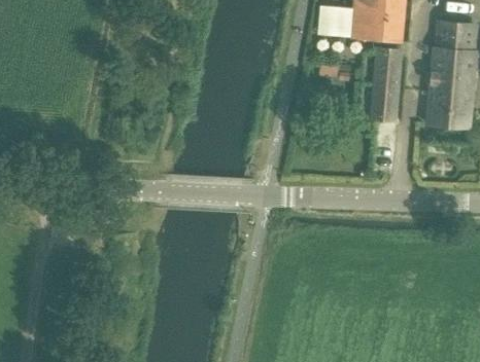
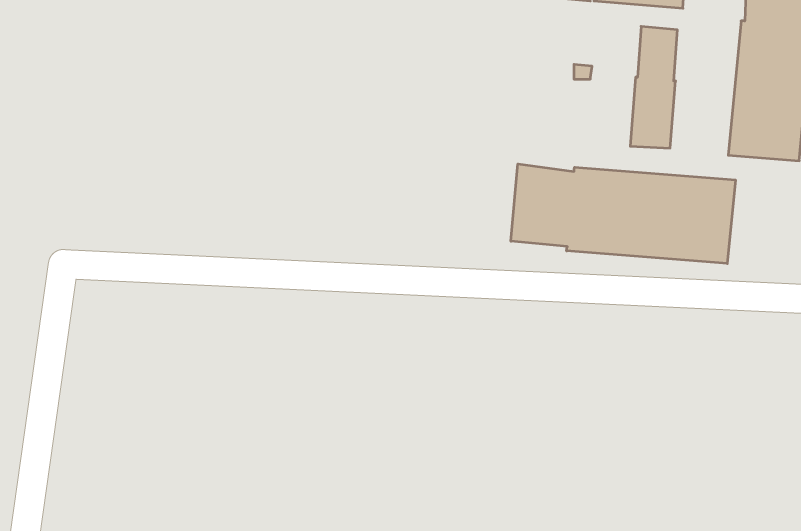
building: none -> [511,164,735,264]

